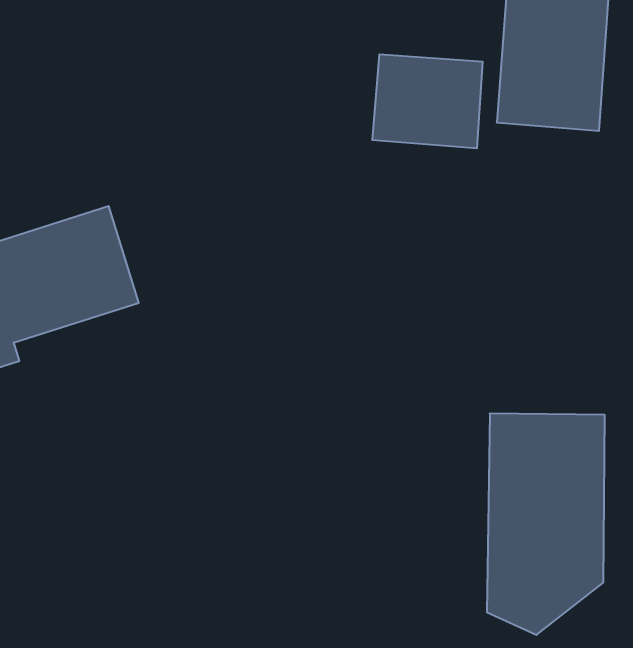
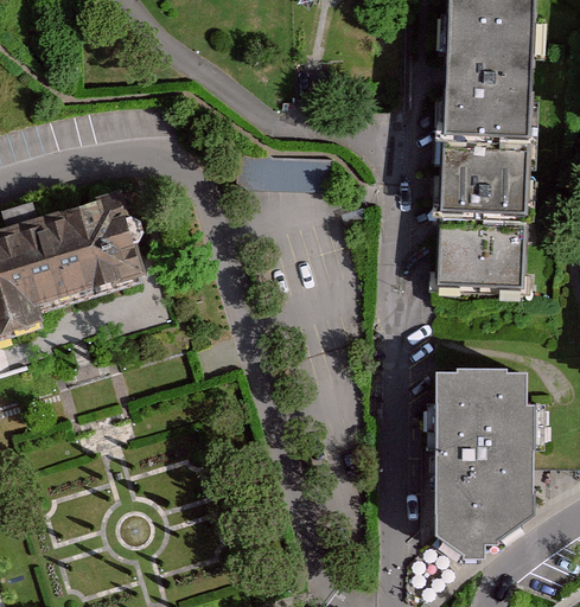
building: [372,55,483,148] -> [442,136,535,215]
building: none -> [442,219,530,283]

